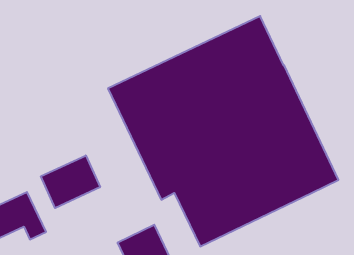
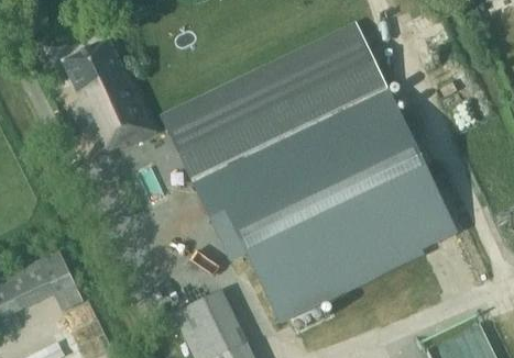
building: none -> [63,40,158,155]
building: [41,155,100,208] -> none

